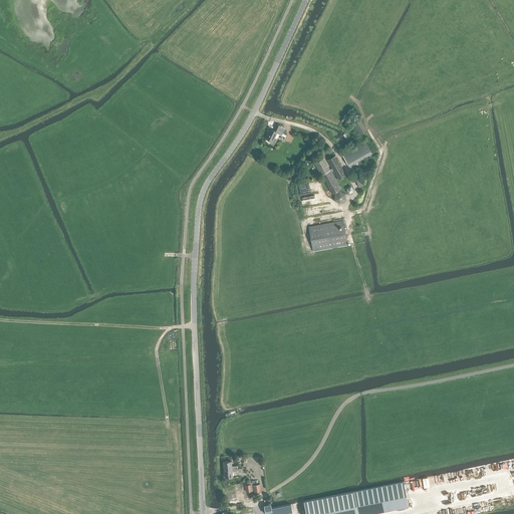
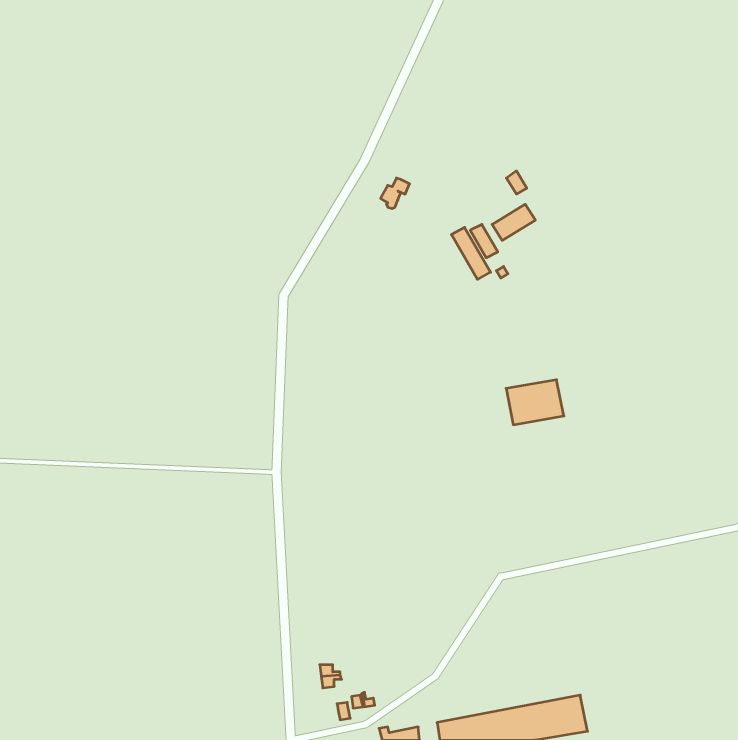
building: [307,220,347,251] -> [506,380,564,425]

